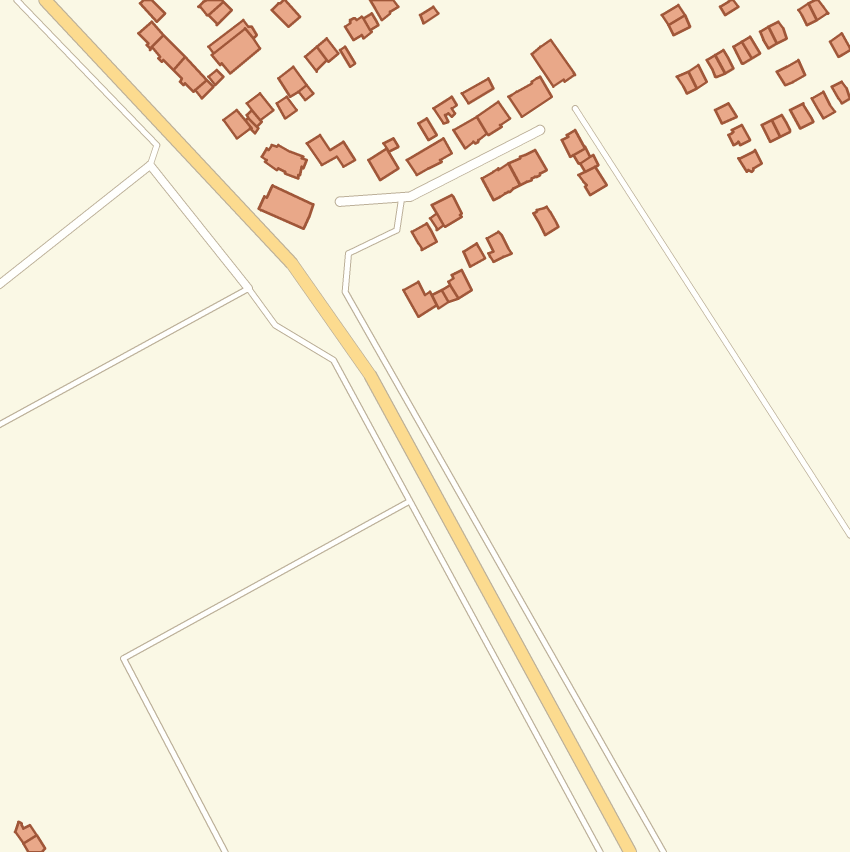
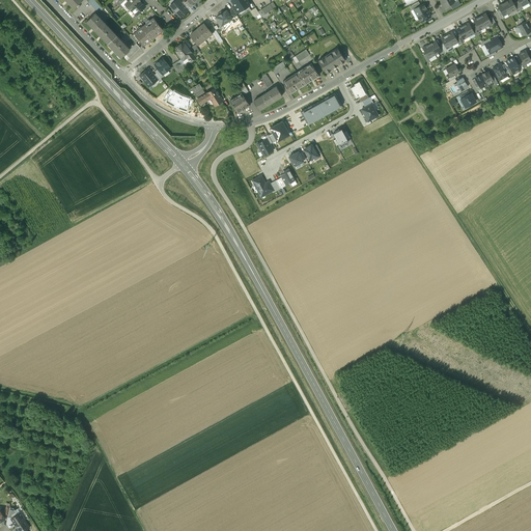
building: [532,40,575,87] -> none
building: [259,185,313,229] -> none

